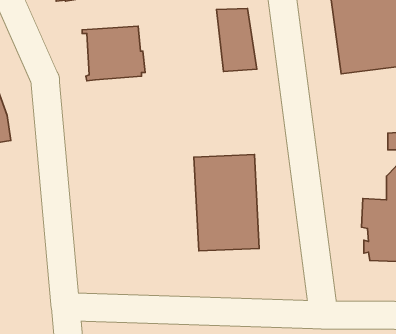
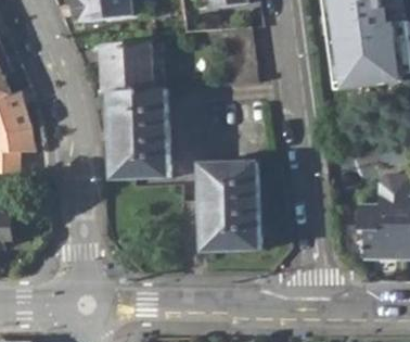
building: none -> [111,90,168,180]

